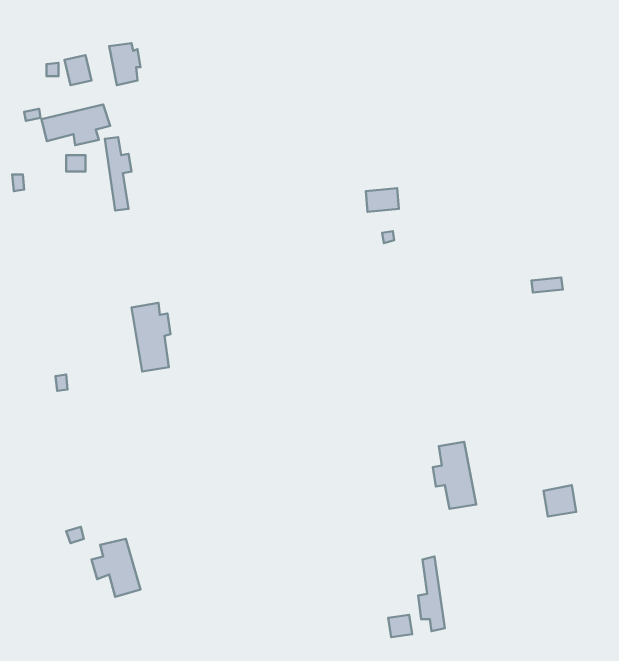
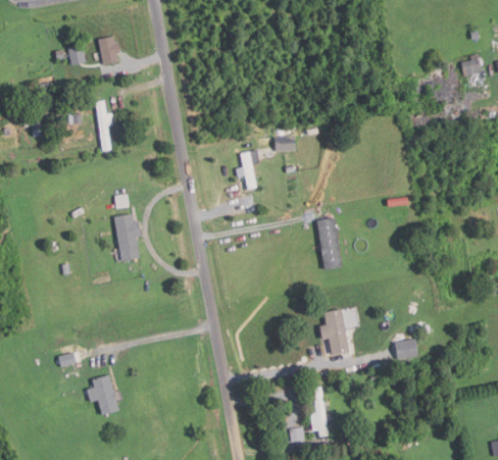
building: [42,104,110,145] -> none
building: none -> [235,150,258,191]
building: none -> [316,219,342,271]

